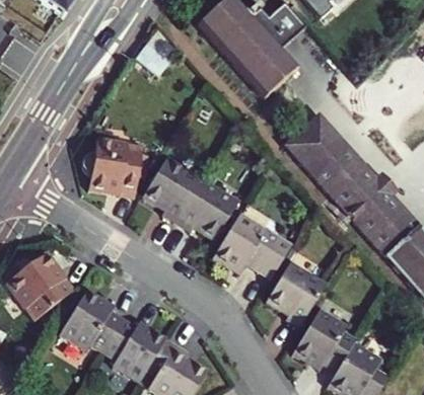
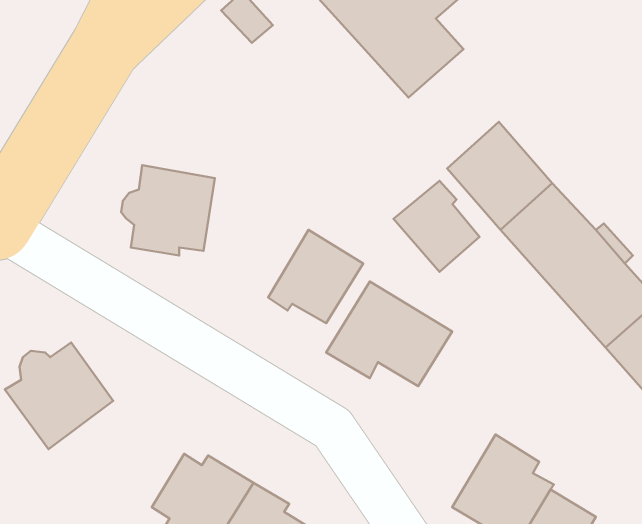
building: none -> [393,181,480,272]
building: [141,159,200,223] -> none
building: [262,261,325,324] -> none
building: [60,293,122,354] -> none

